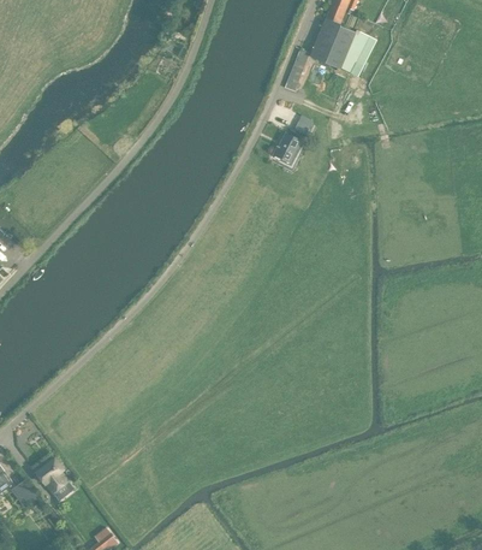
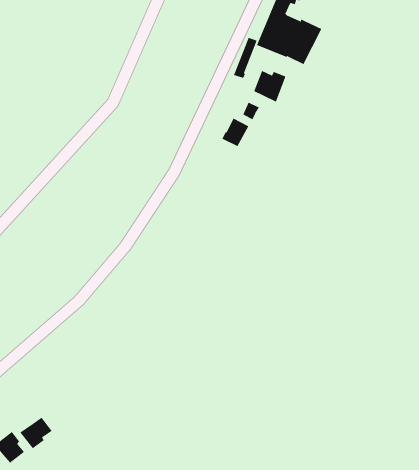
building: none -> [253,70,286,102]
building: none -> [19,417,53,449]

